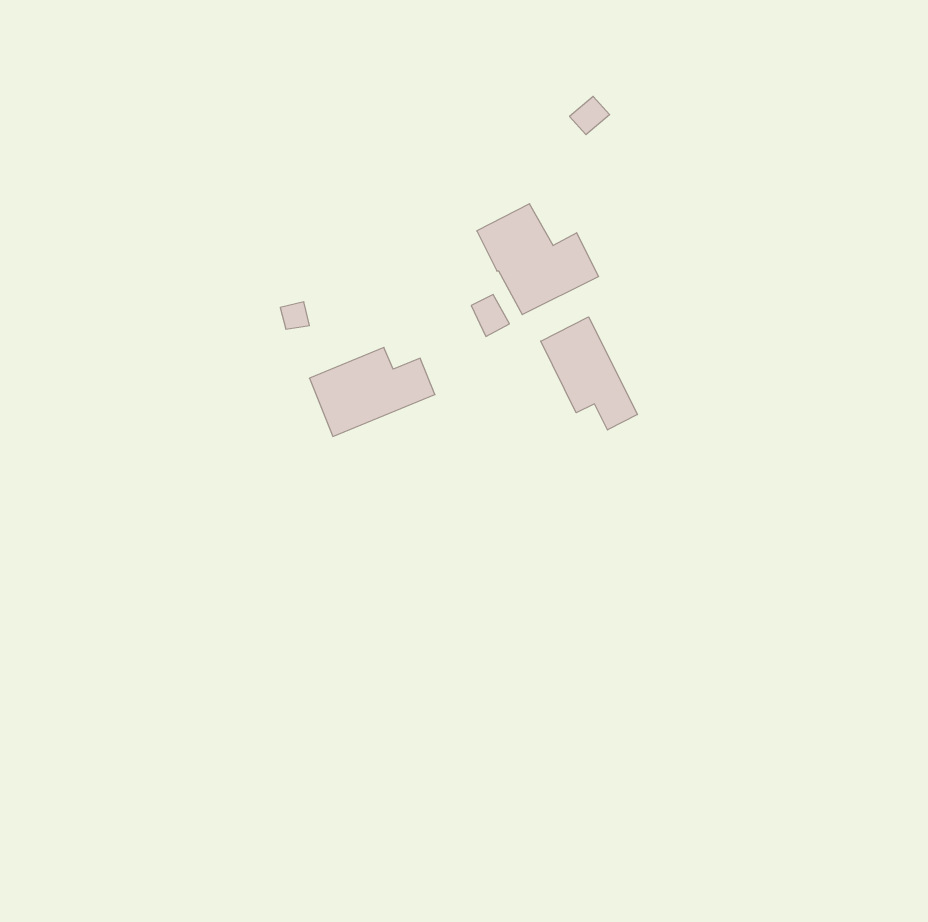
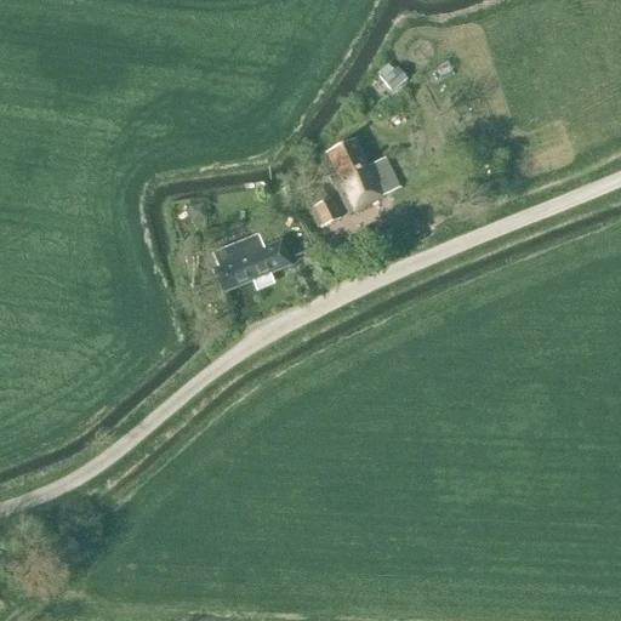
building: [541,317,637,430] -> none

